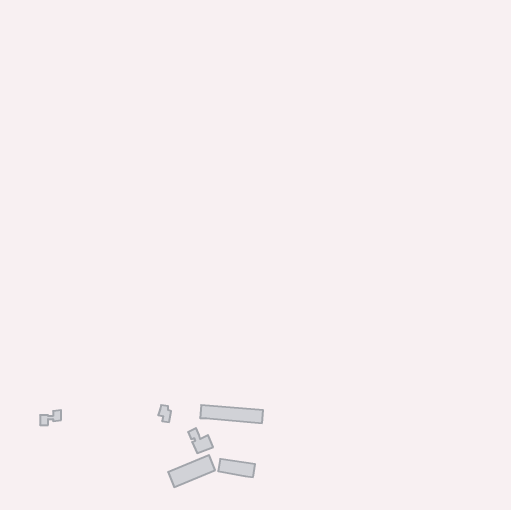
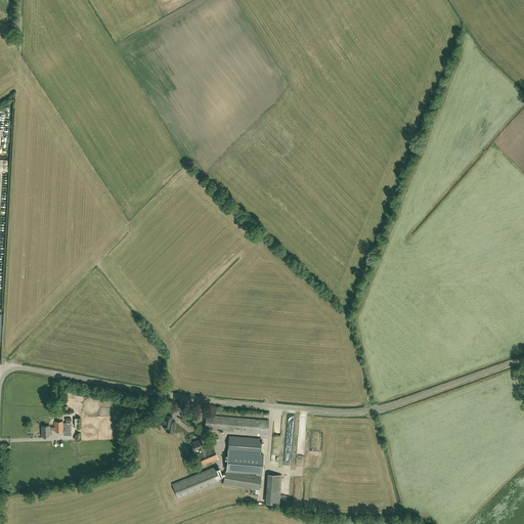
building: none -> [226,435,263,472]
building: none -> [267,473,282,503]

